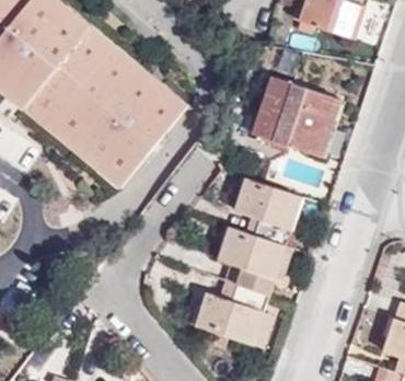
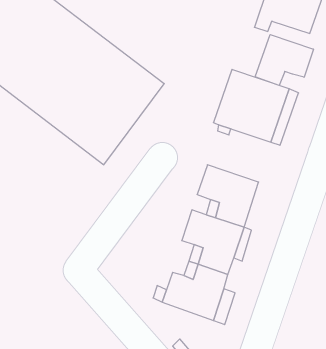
building: none -> [255,35,313,85]

